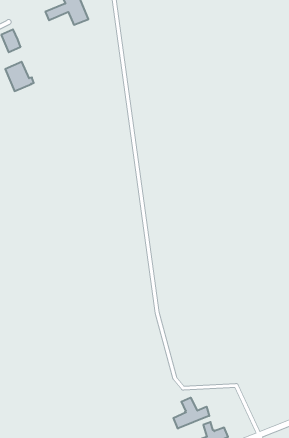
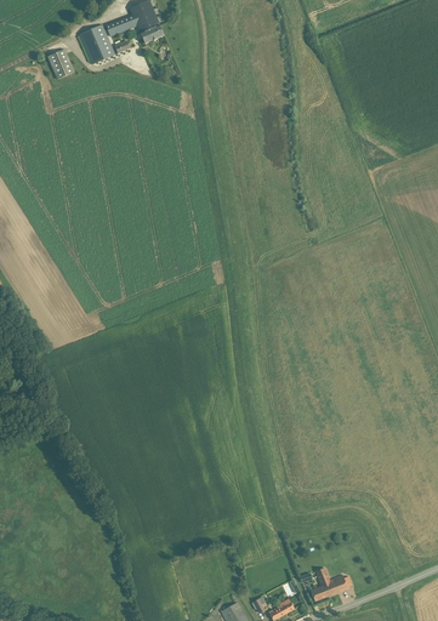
building: [5,62,34,91] -> [79,24,116,63]
building: [173,398,209,429] -> none

